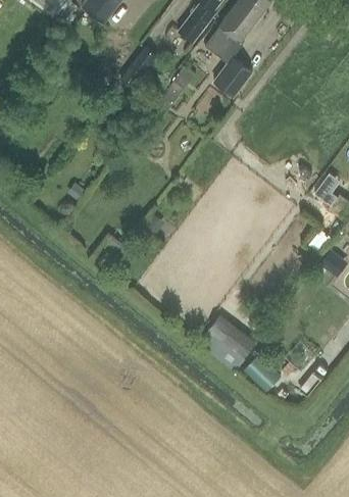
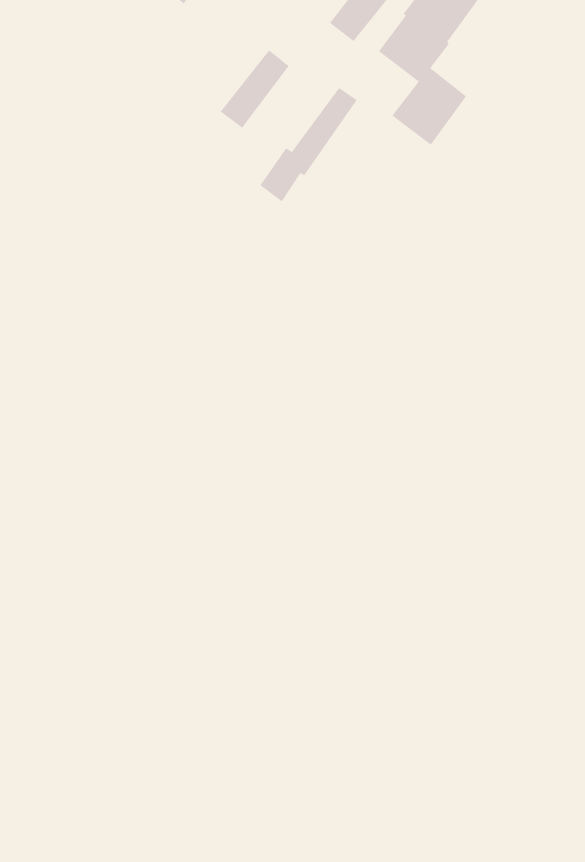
building: [200,314,256,369] -> none
building: [244,354,281,391] -> none

